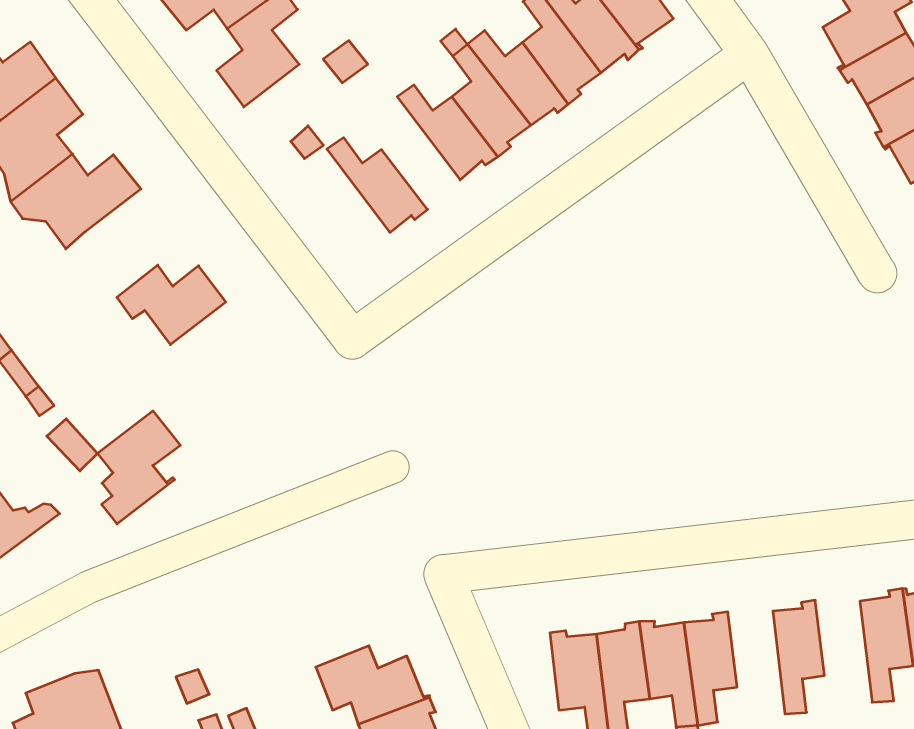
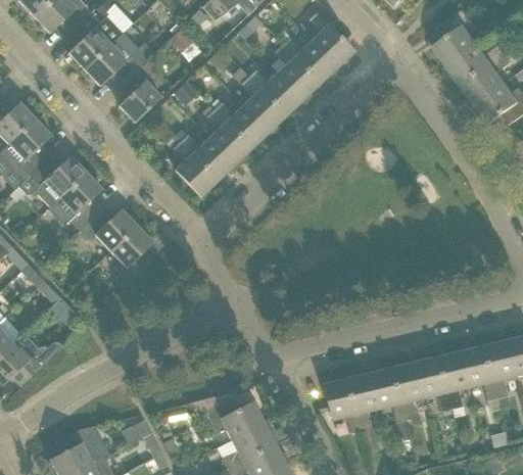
building: none -> [206,108,252,165]
building: none -> [173,140,219,199]
building: none -> [59,172,102,230]
building: [98,411,180,524] -> [110,226,153,287]
building: none -> [463,345,498,400]
building: none -> [418,355,454,411]

